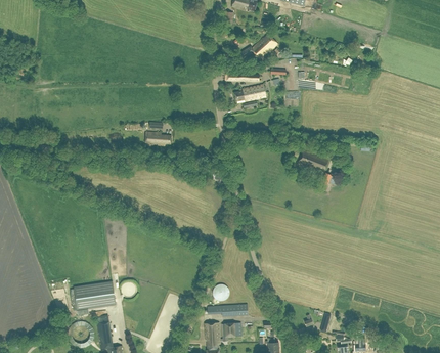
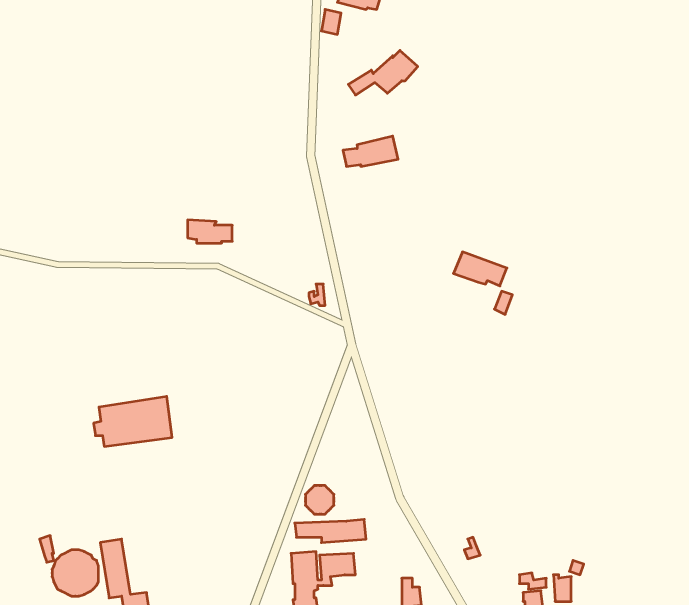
building: [71,280,116,309] -> [94,396,172,446]

